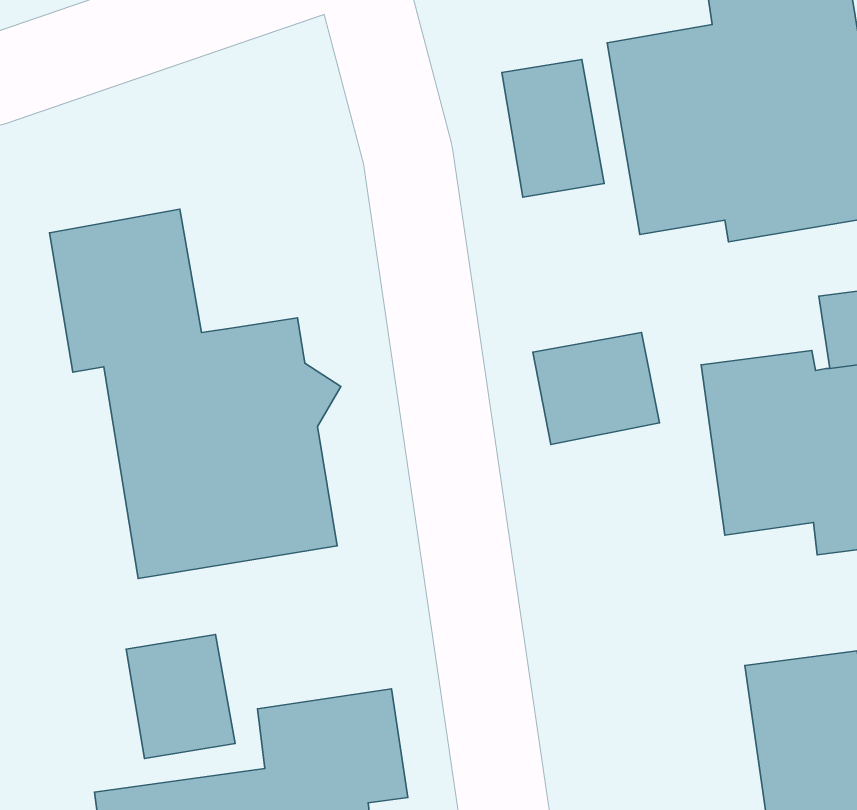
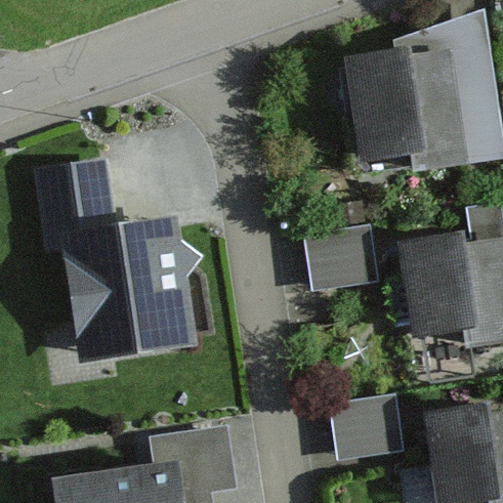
building: [502,59,604,197] -> none
building: none -> [331,393,403,456]
building: [126,635,235,759] -> none

